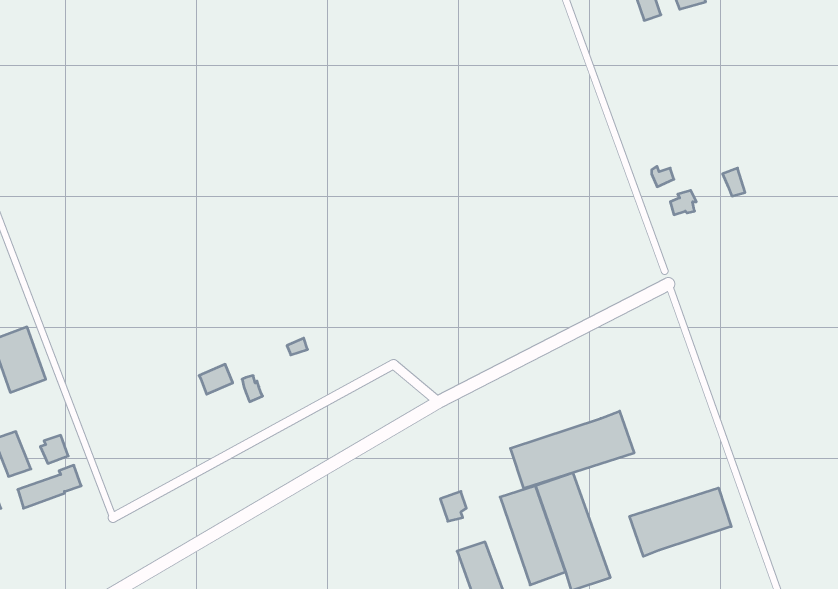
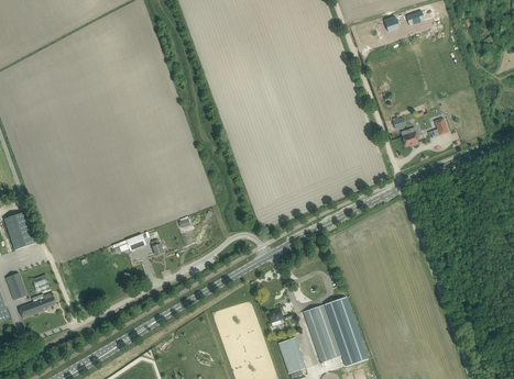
building: [510,411,634,489] -> none
building: [630,488,731,556] -> none

